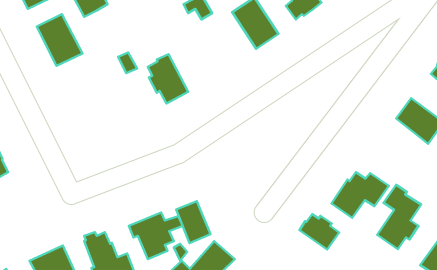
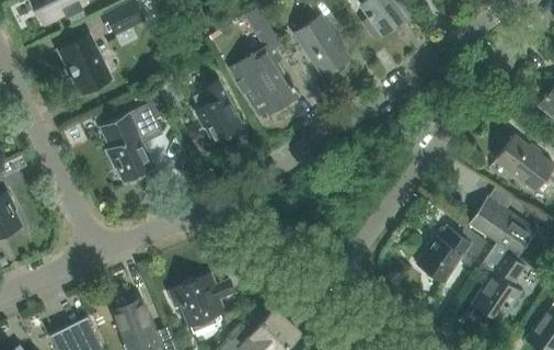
building: none -> [228,45,298,117]
building: none -> [100,90,165,183]
building: none -> [471,197,536,257]
building: [176,201,211,243] -> none
building: [299,214,339,249] -> none

